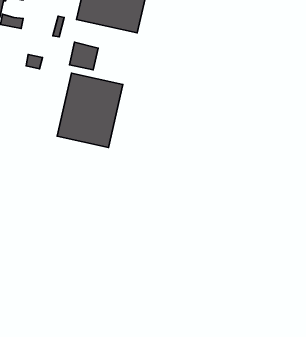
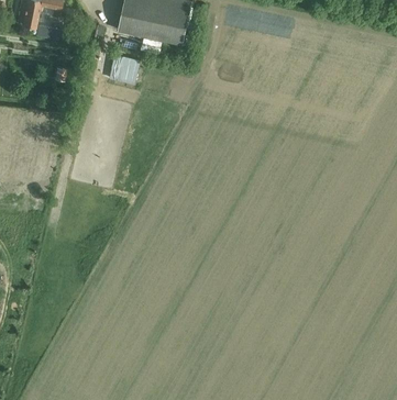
building: [57,73,123,147] -> none

